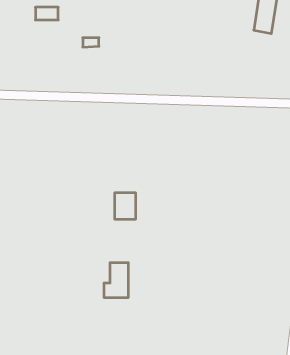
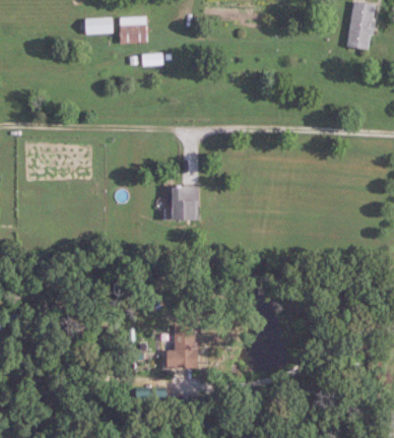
building: none -> [118,17,145,44]
building: [115,193,136,219] -> [172,188,197,220]

